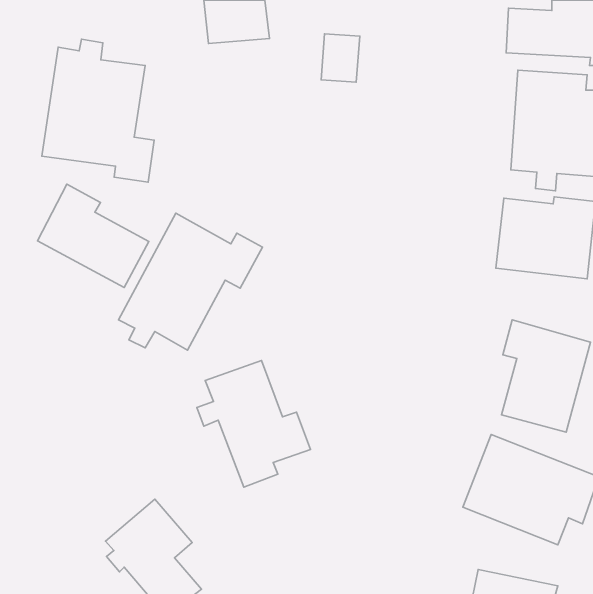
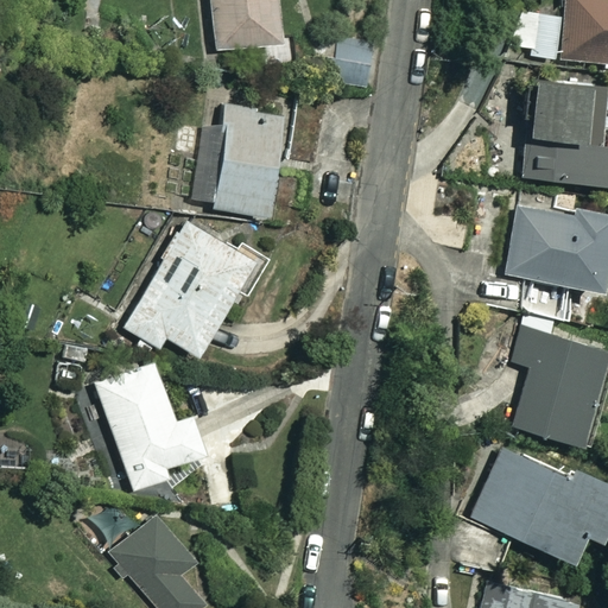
building: [42,39,154,182] -> none
building: none -> [191,103,287,222]
building: [37,184,149,287] -> none
building: [197,361,311,487] -> [89,363,204,492]

